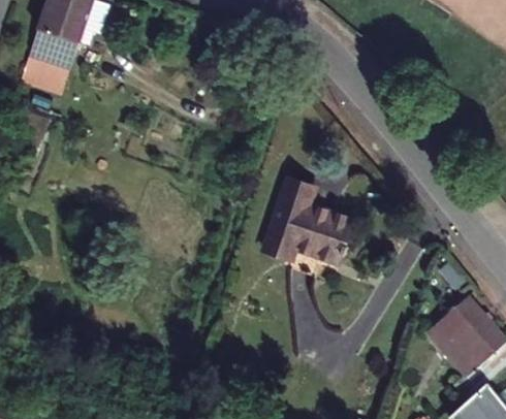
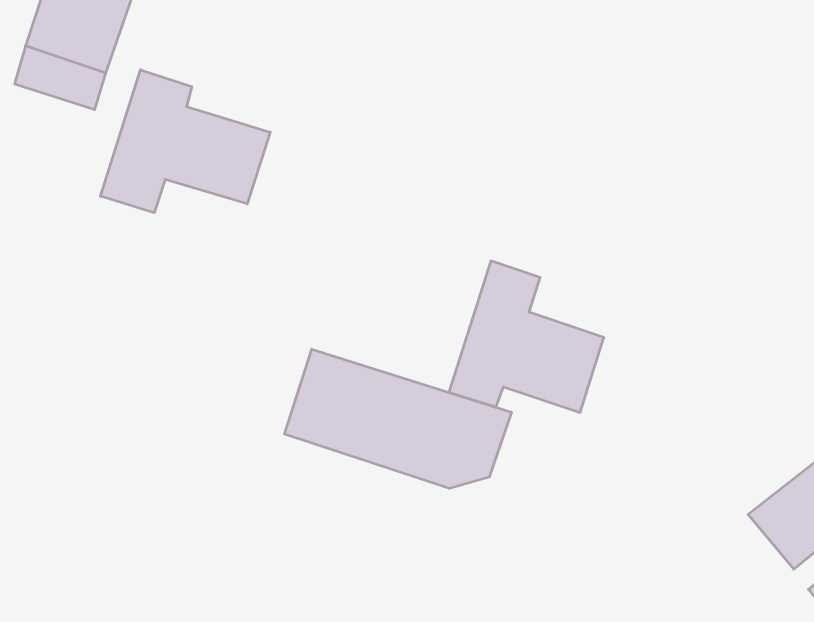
building: none -> [100,70,270,213]
building: none -> [285,349,511,488]

